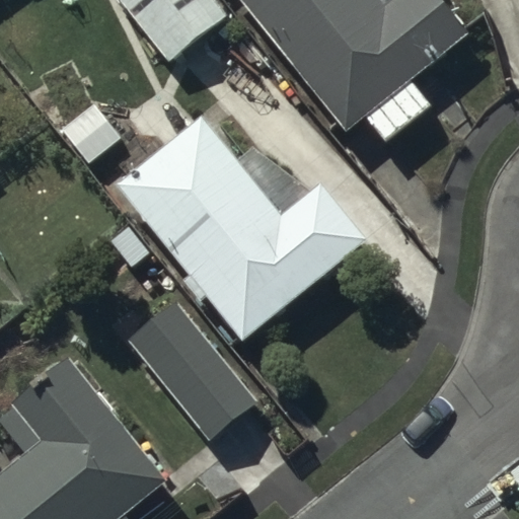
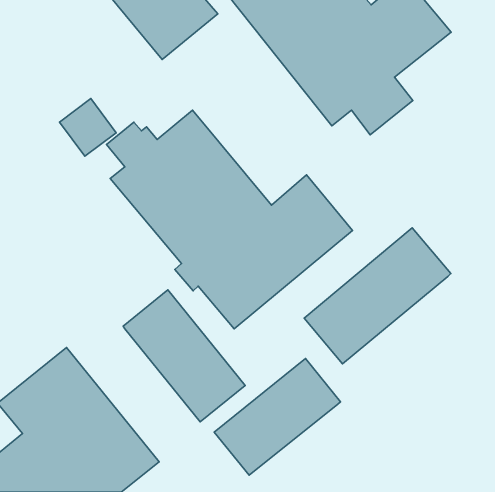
building: none -> [304,228,451,364]
building: none -> [214,359,340,475]

